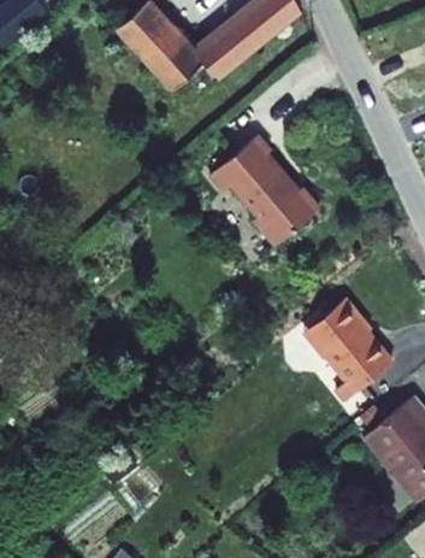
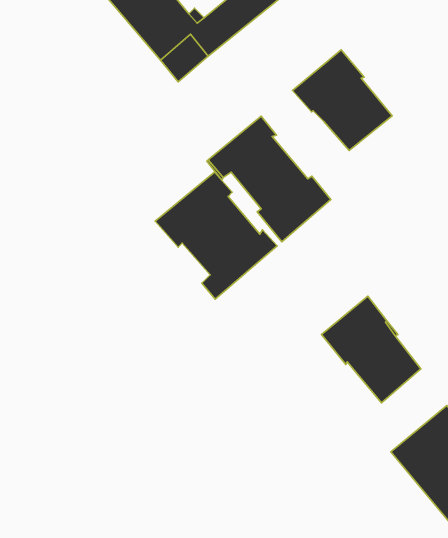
building: none -> [293,50,392,150]
building: none -> [155,172,277,299]

